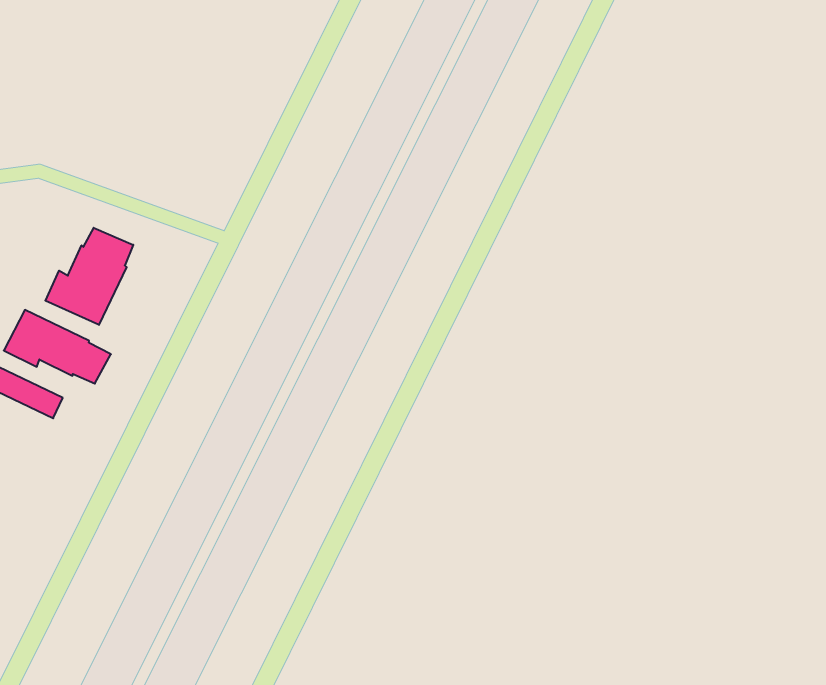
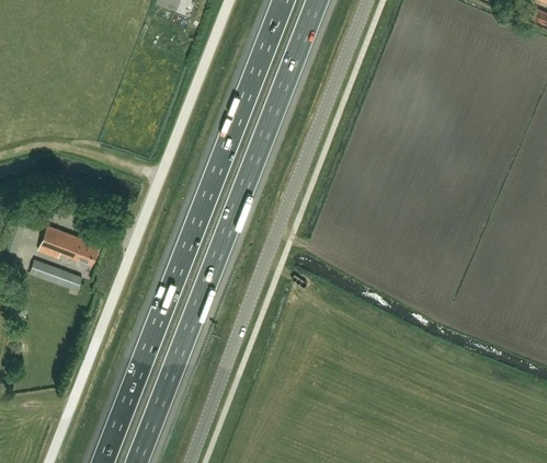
building: [45,228,133,325] -> none

